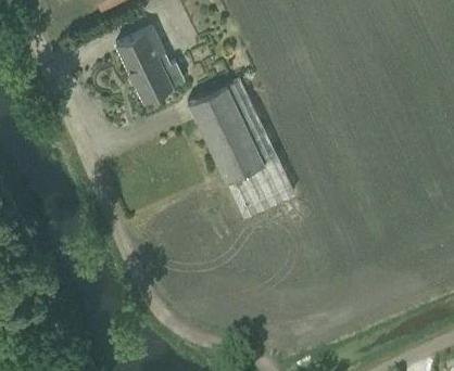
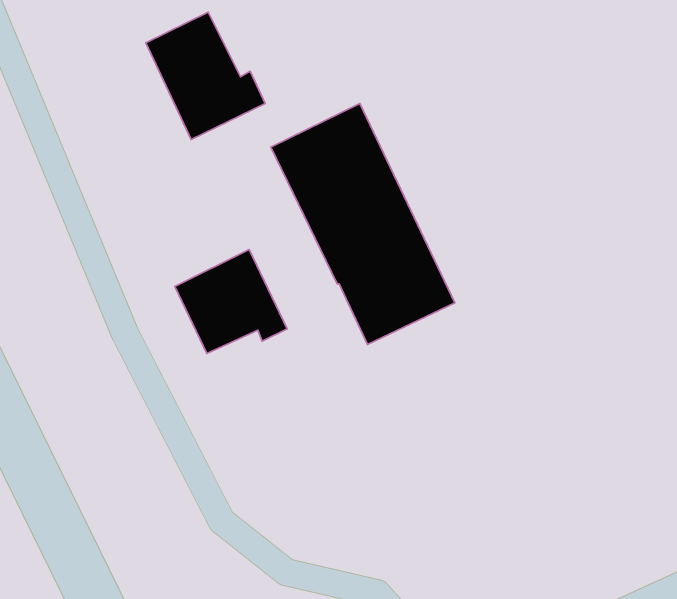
building: none -> [175,249,287,354]

